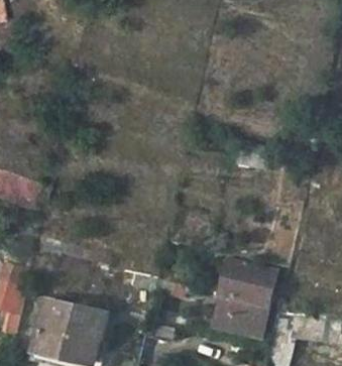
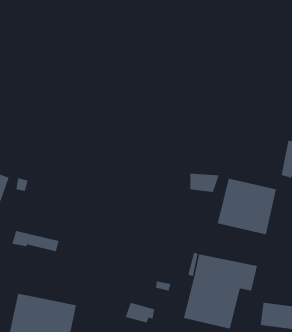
building: none -> [217,178,277,235]

